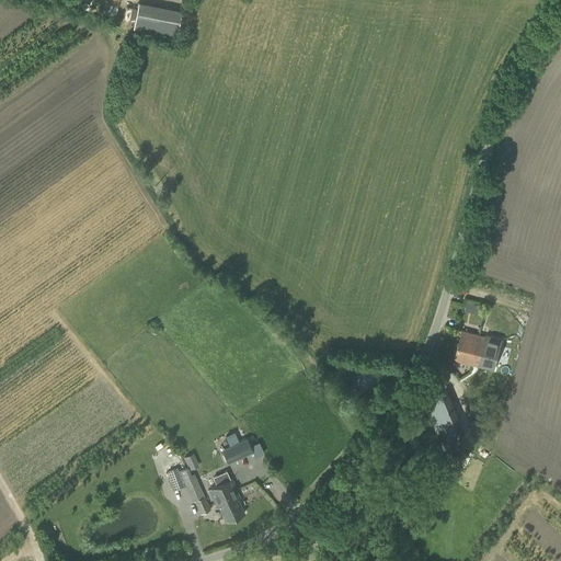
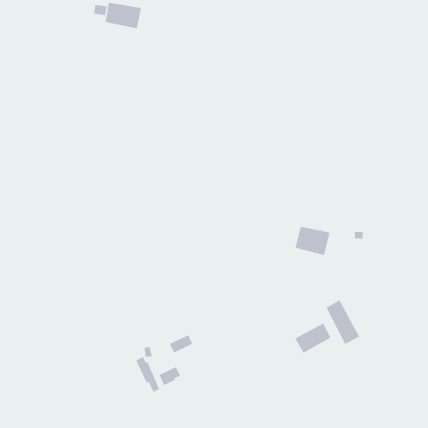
building: [453,331,500,370] -> [294,226,330,256]
building: none -> [294,323,331,354]
building: [214,492,243,520] -> none

